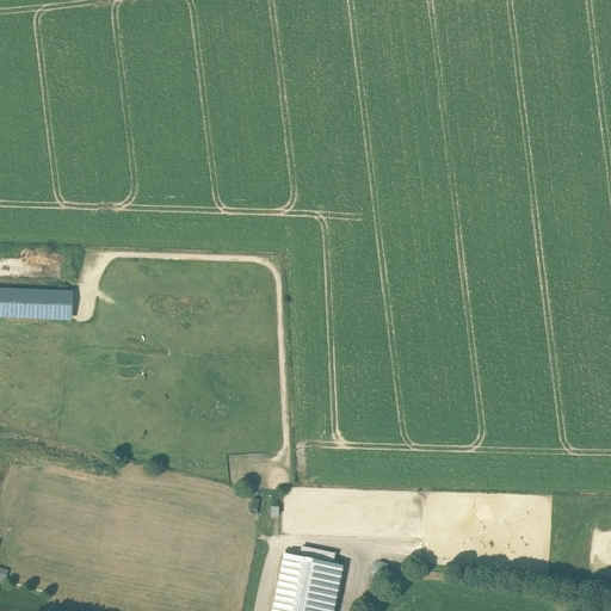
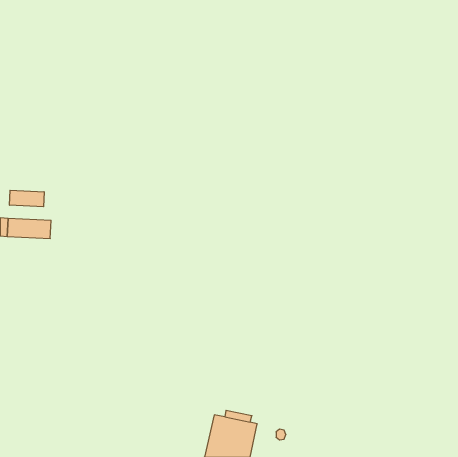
building: none -> [10,190,44,207]

